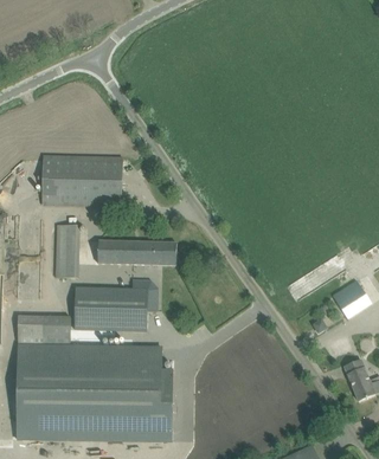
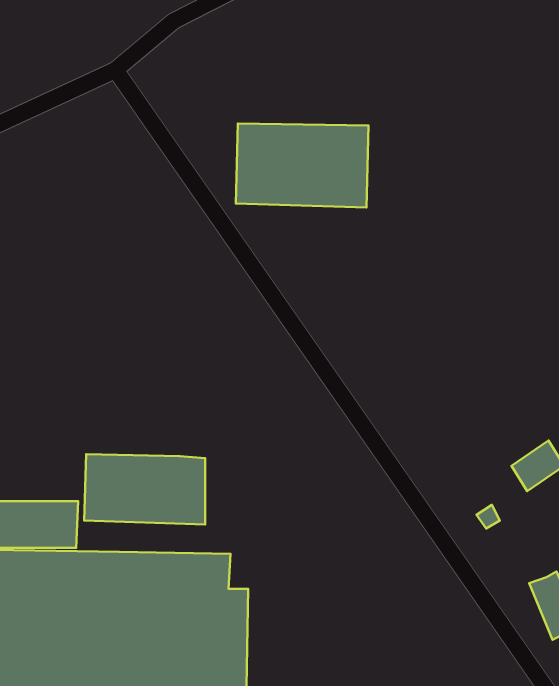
building: [41,155,122,206] -> [236,123,369,207]
building: [54,224,79,277] -> none
building: [97,240,176,264] -> none

